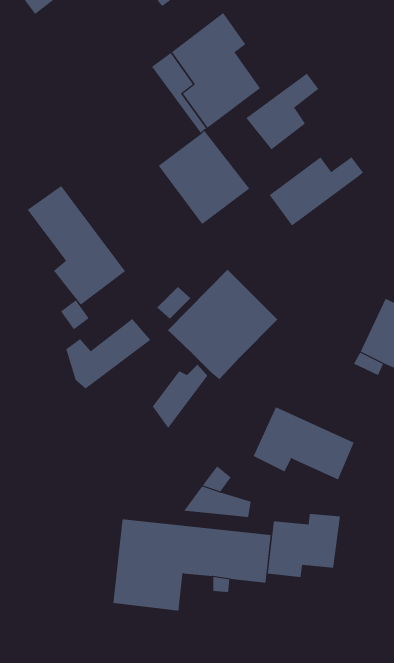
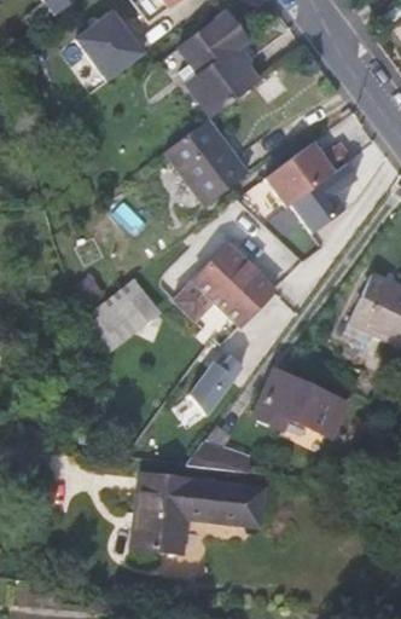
building: none -> [77,10,145,80]
building: [246,73,319,150] -> [291,162,358,232]
building: [27,185,126,305] -> none
building: [152,364,208,429] -> [192,354,243,413]
building: [267,513,341,578] -> none

